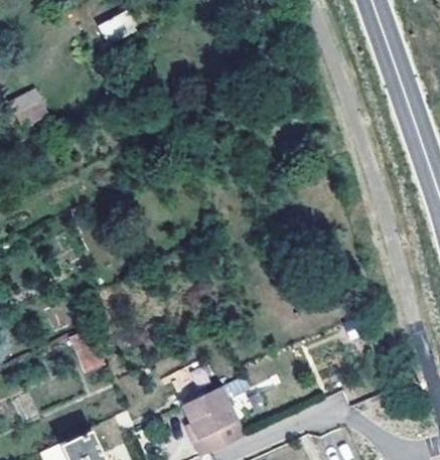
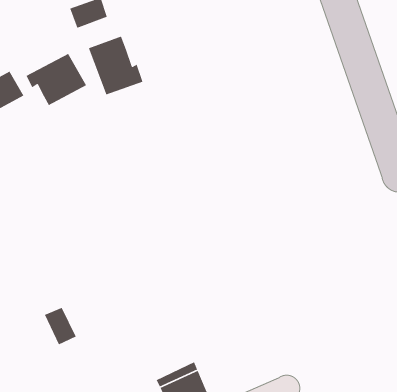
building: none -> [88,35,143,95]
building: none -> [26,53,87,106]

